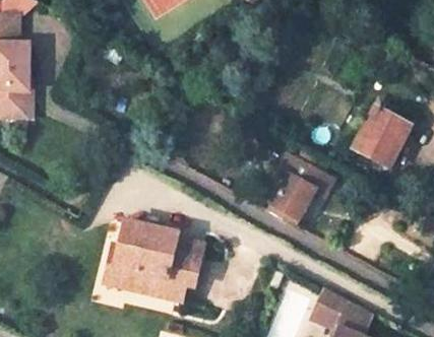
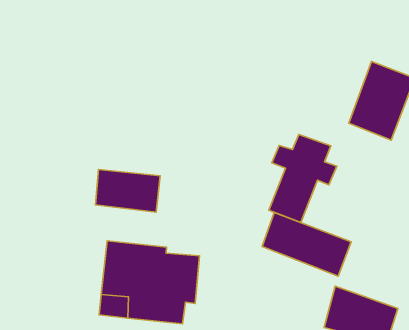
building: none -> [95,169,160,212]
building: none -> [262,213,351,276]

